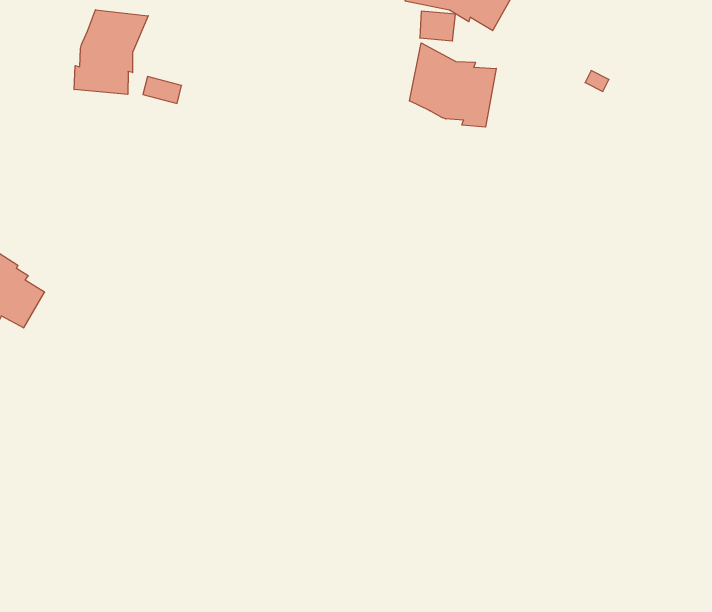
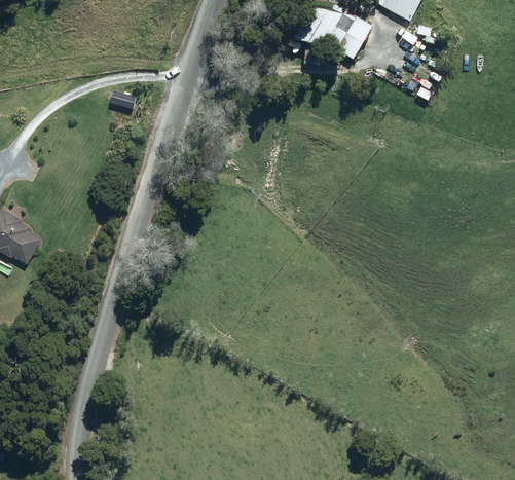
building: [74,10,148,94] -> none
building: [409,43,496,127] -> none

